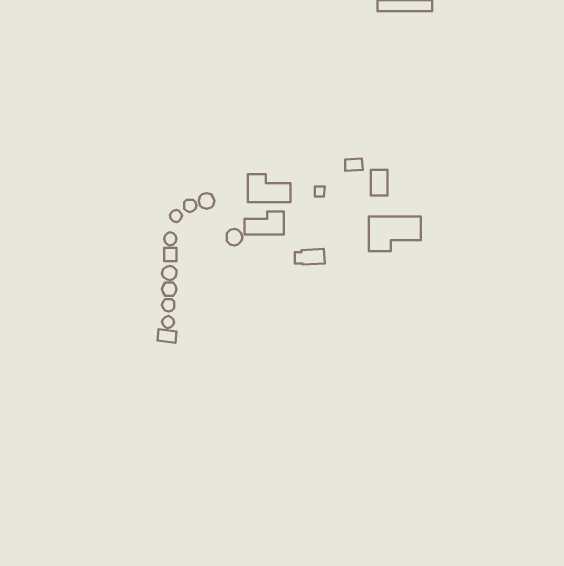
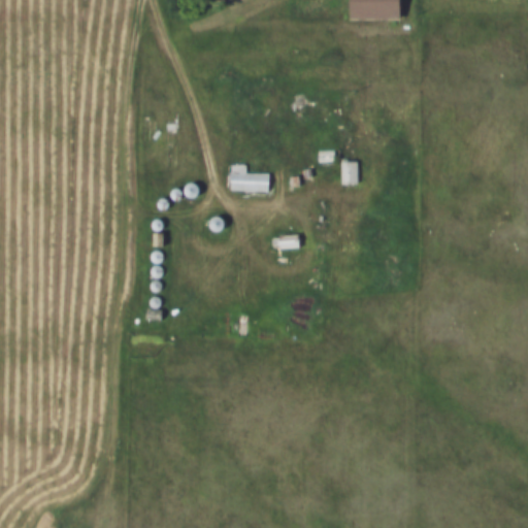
building: [244,211,284,235] -> none
building: [369,217,421,251] -> none

